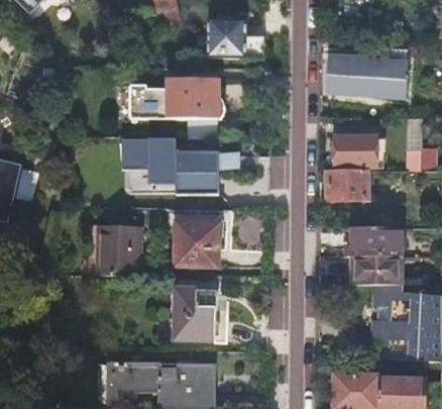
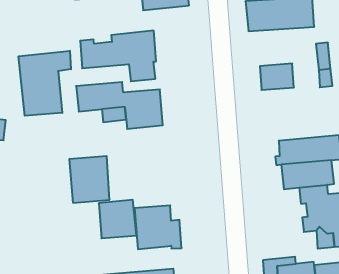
building: none -> [19,51,71,116]
building: [329,168,368,199] -> none
building: [175,222,216,265] -> [99,200,136,238]

